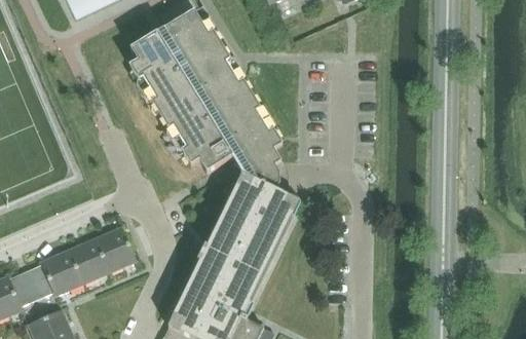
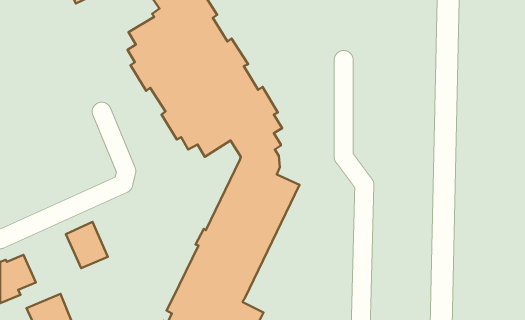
building: [93,227,136,273] -> none
building: [25,251,82,299] -> none

